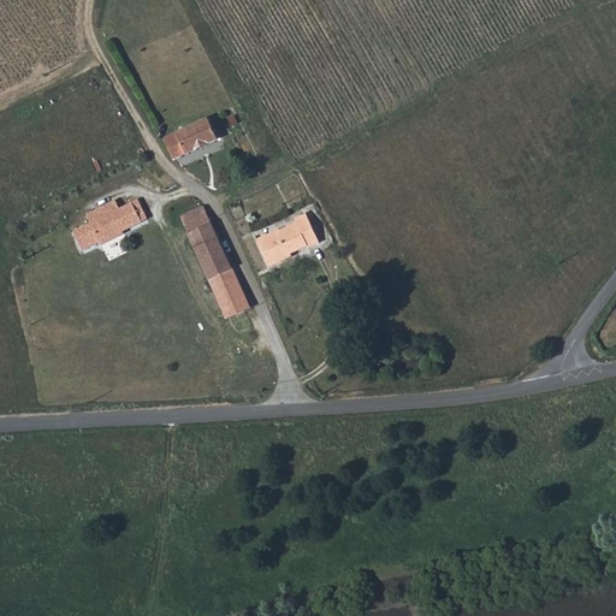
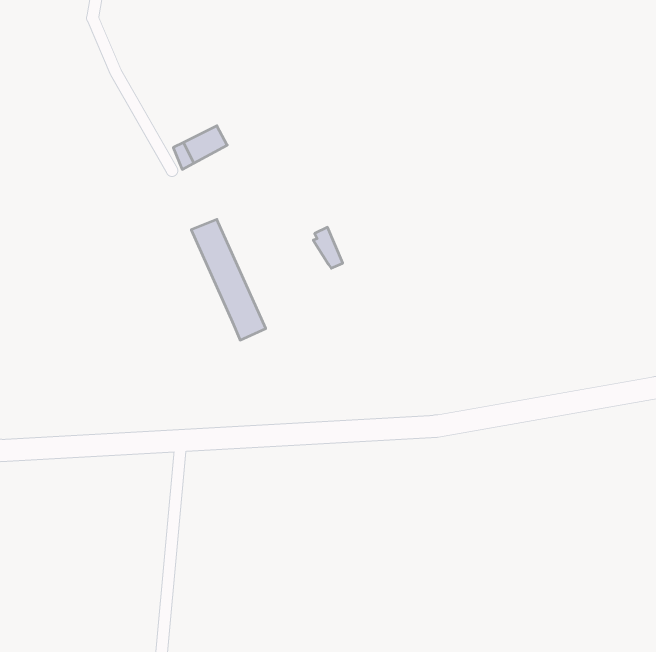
building: [70,196,144,248] -> none
building: [256,225,308,268] -> none

